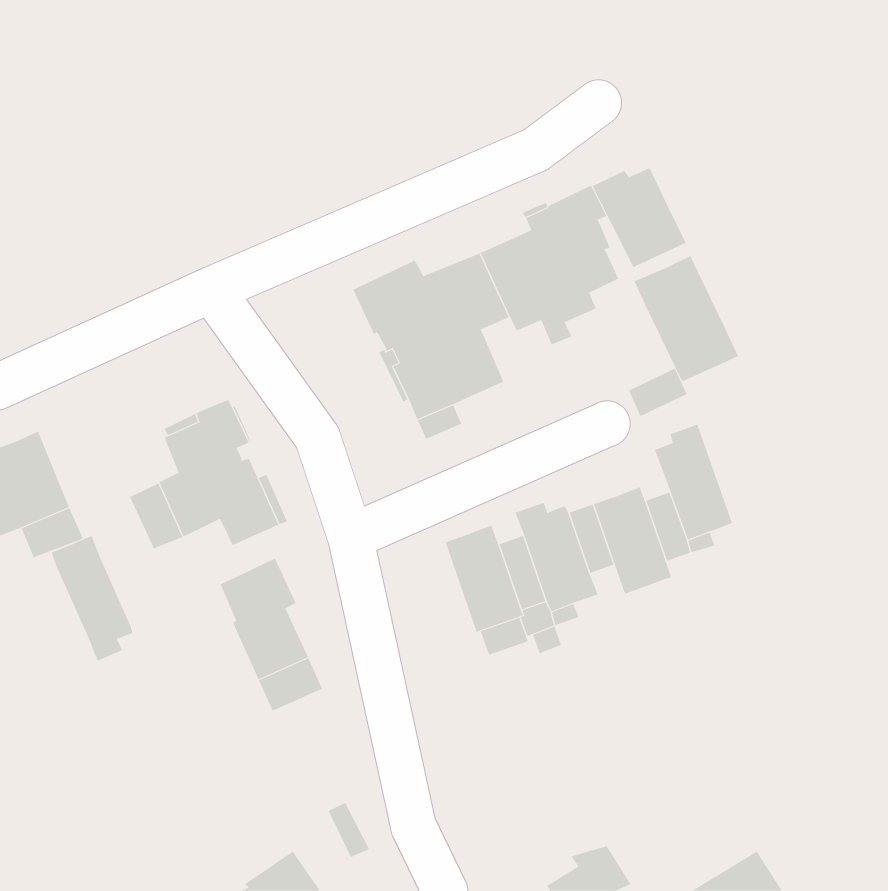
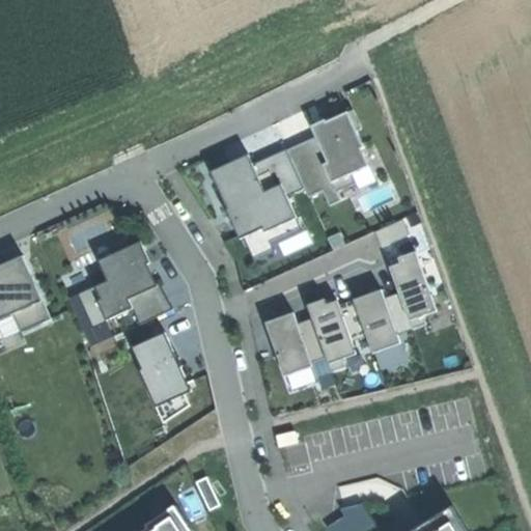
building: [592,167,686,268] -> none
building: [634,255,739,382] -> none
building: [51,535,133,661] -> none

